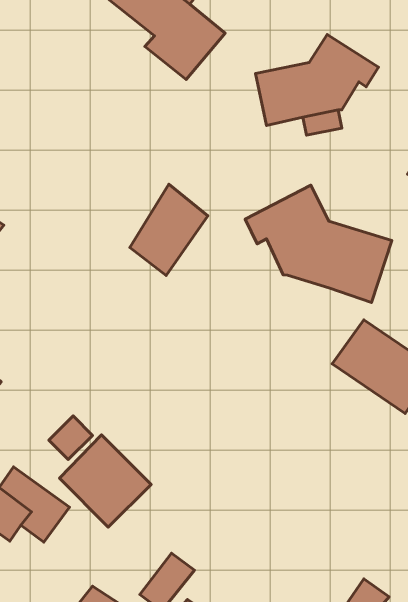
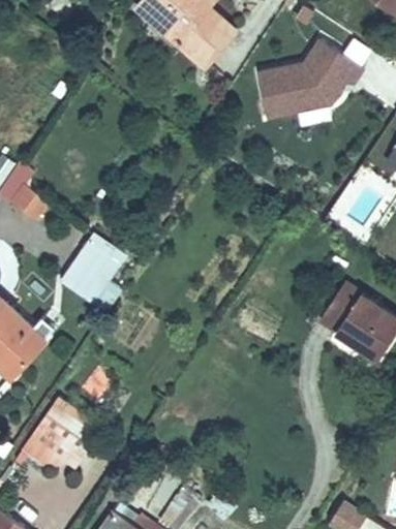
building: [130,184,208,275] -> [62,227,128,305]
building: [245,185,392,302] -> none
building: [59,435,151,527] -> none

